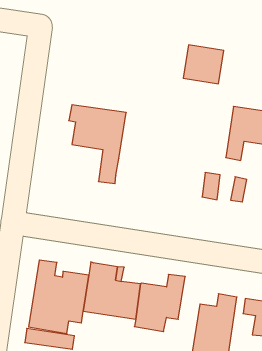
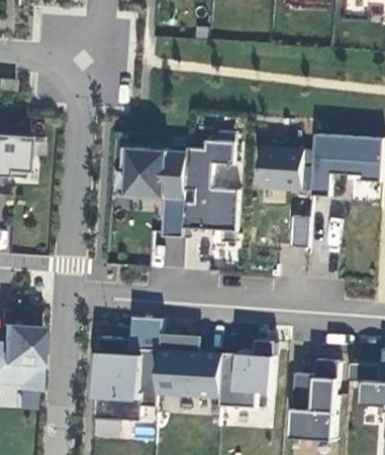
building: [183,45,224,84] -> [262,145,307,189]
building: none -> [185,138,242,241]
building: none -> [122,315,165,353]

